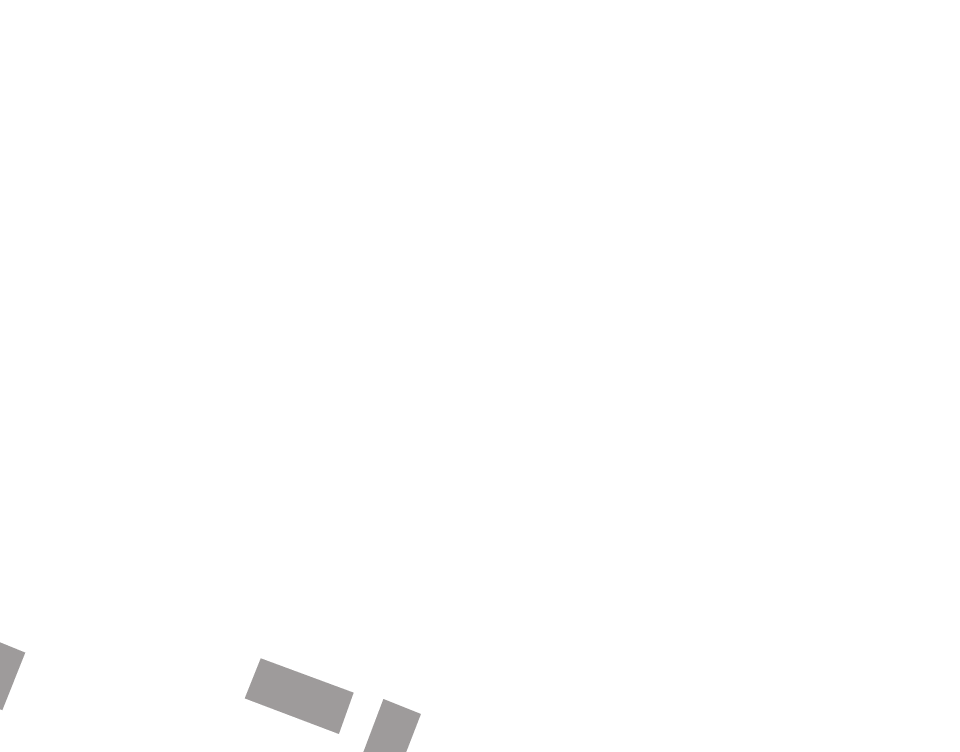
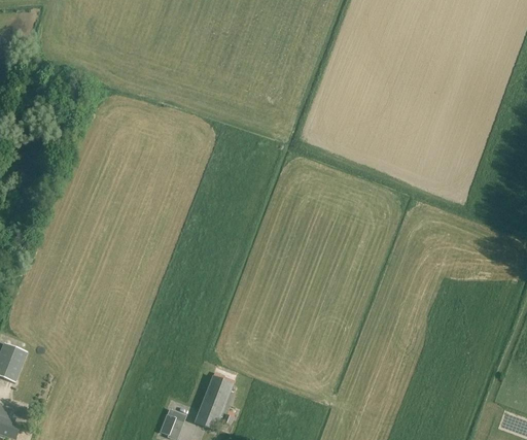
building: [243,657,355,735] -> none

